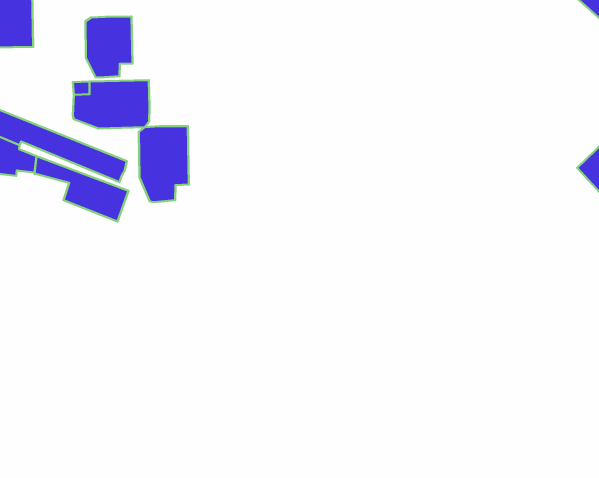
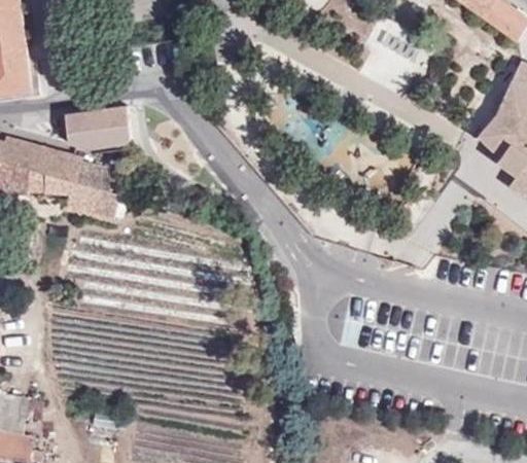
building: [86,17,132,78] -> none
building: [139,126,189,202] -> none

